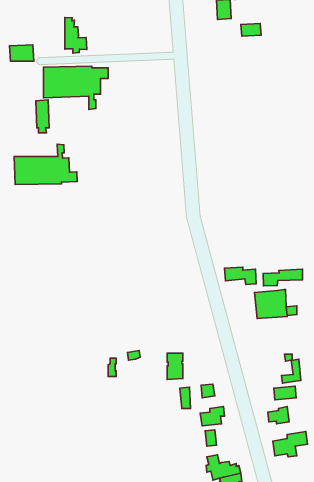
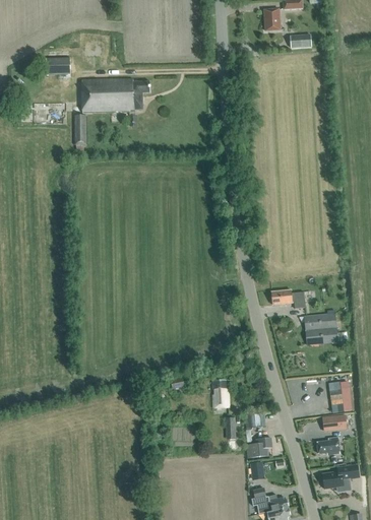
building: [65,18,87,53] -> none
building: [14,144,77,185] -> none
building: [263,269,303,286] -> none

